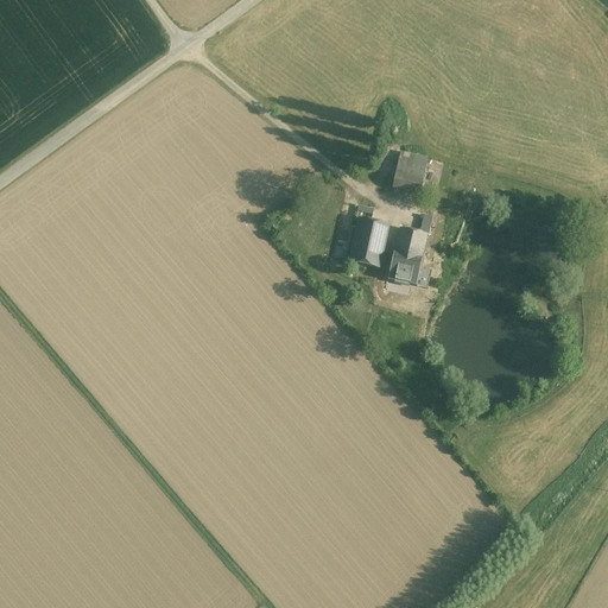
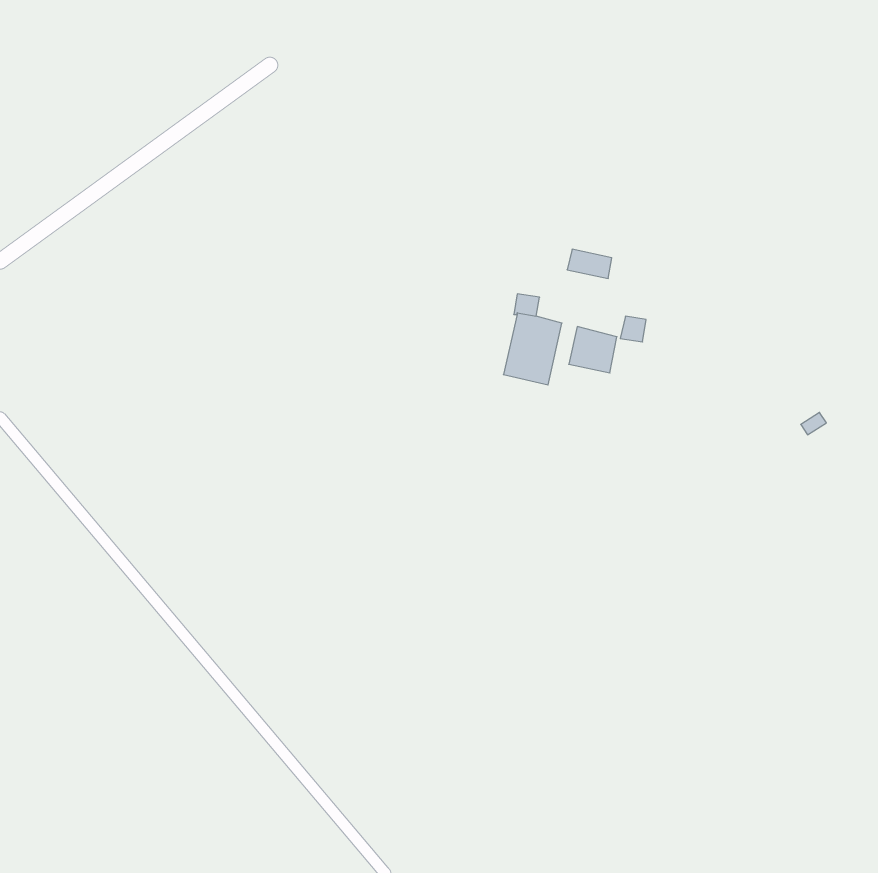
building: [395,150,428,178] -> none
building: [387,252,430,286] -> none

